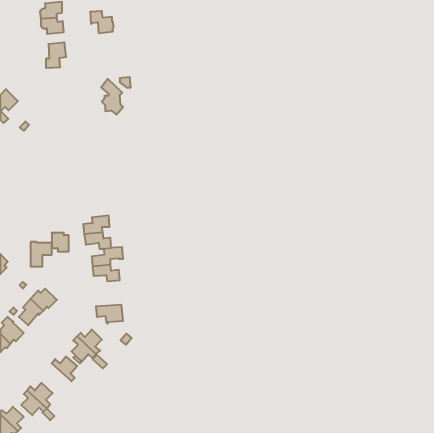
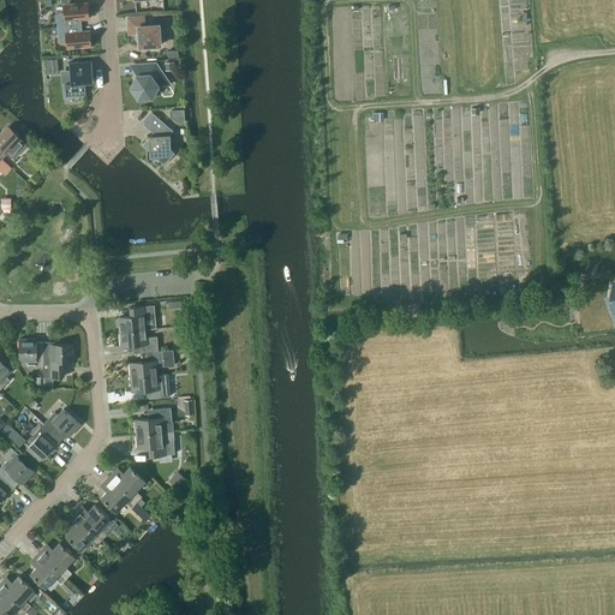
building: none -> [131,65,168,98]
building: [52,233,69,251] -> [19,340,43,366]
building: none -> [135,410,172,435]
building: none -> [65,515,101,550]

